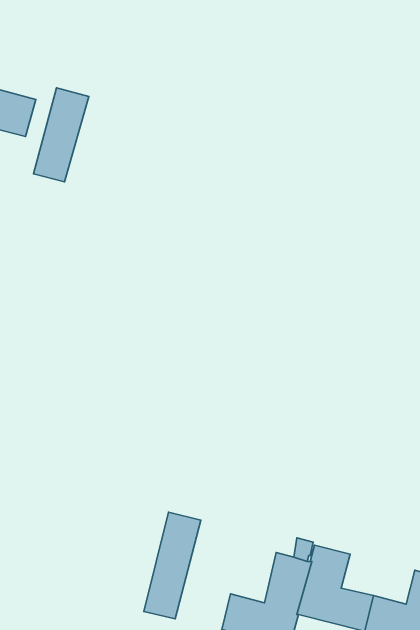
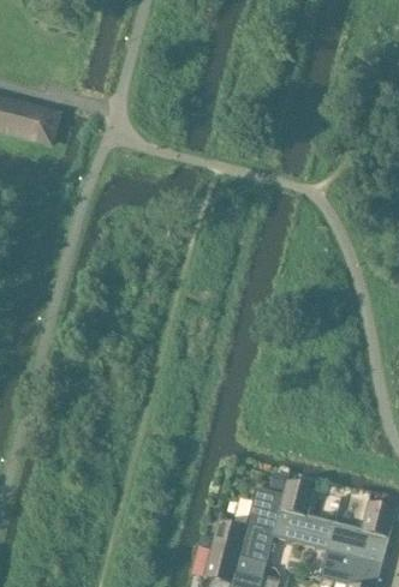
building: [33,88,89,182] -> none
building: [144,512,201,619] -> none

